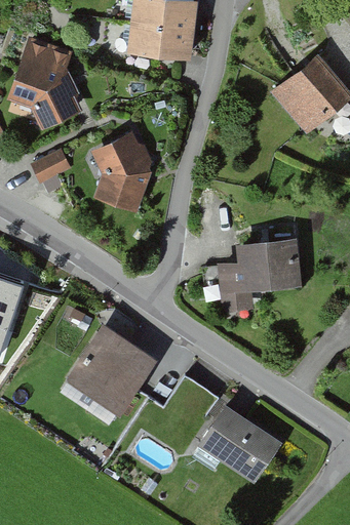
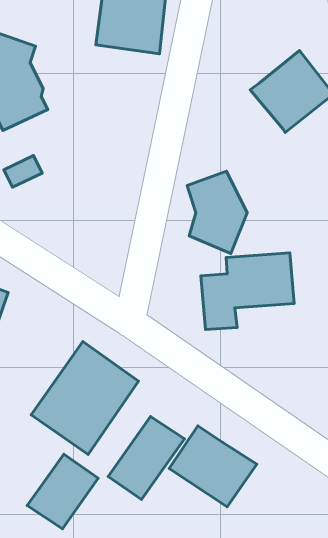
building: [103,136,159,213] -> [187,171,247,253]
building: none -> [108,416,184,500]
building: none -> [27,454,98,529]

